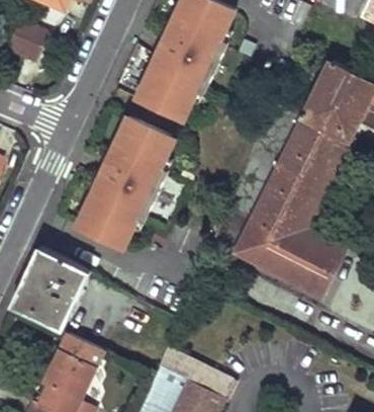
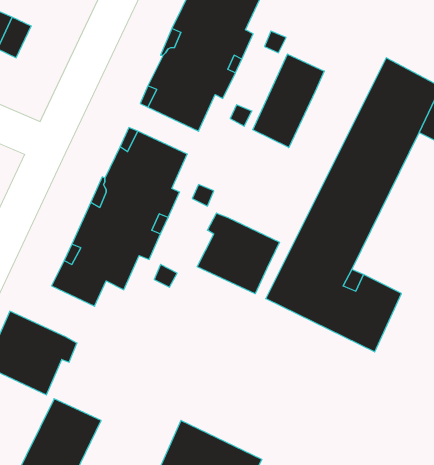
building: none -> [253,54,324,148]
building: none -> [197,213,279,294]
building: [31,245,84,284] -> none

